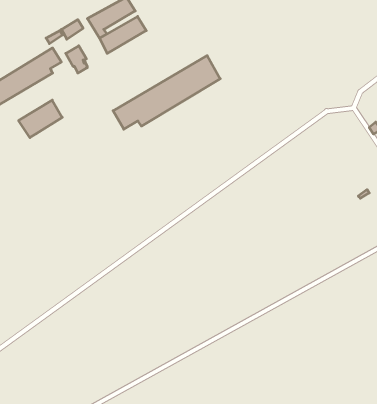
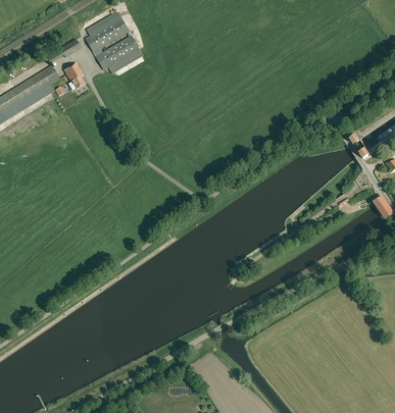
building: [113,56,220,129] -> none
building: [19,100,62,138] -> none

